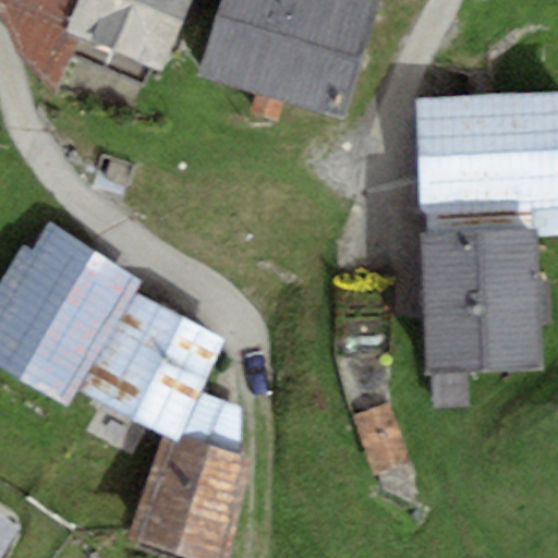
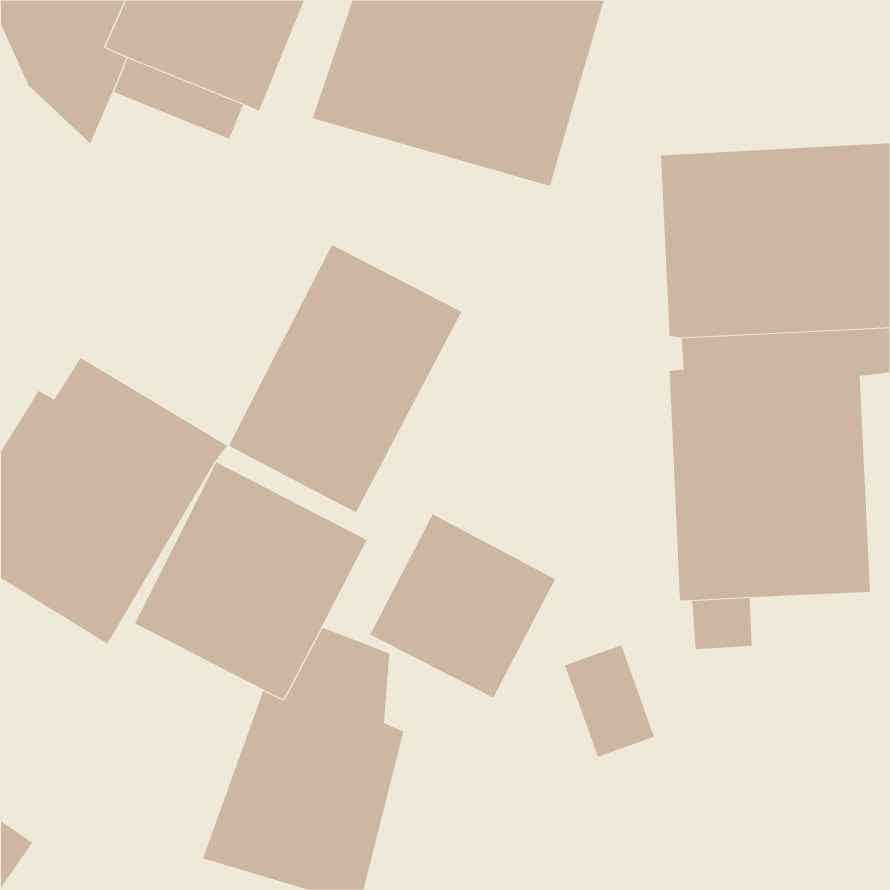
building: none -> [228,244,462,513]
building: none -> [370,513,556,698]

